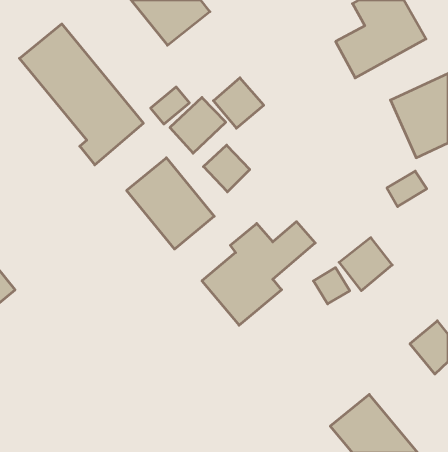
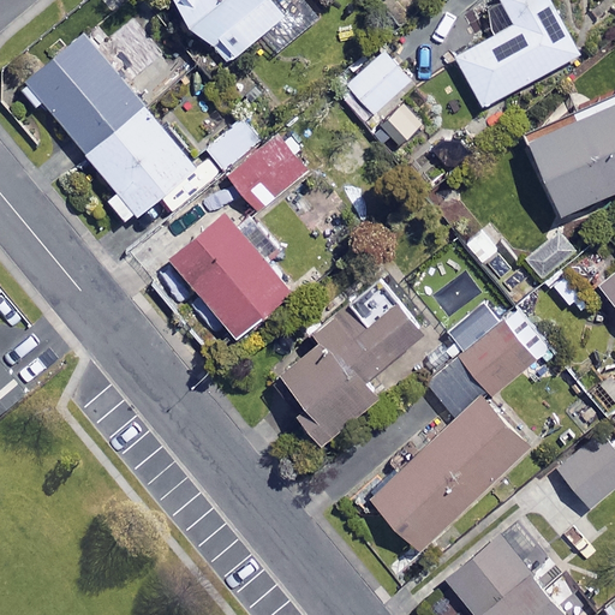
building: [213,78,264,128] -> [340,44,408,113]
building: [203,145,250,192] -> none
building: none -> [372,396,529,549]

